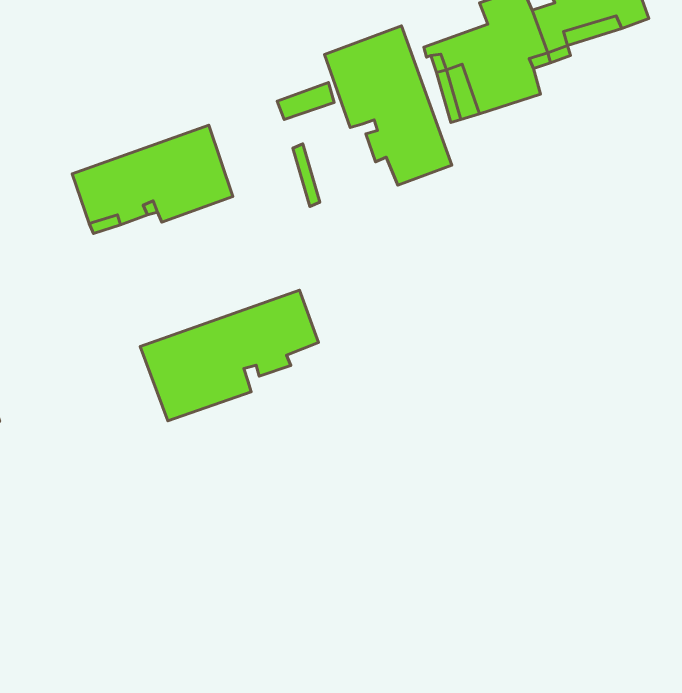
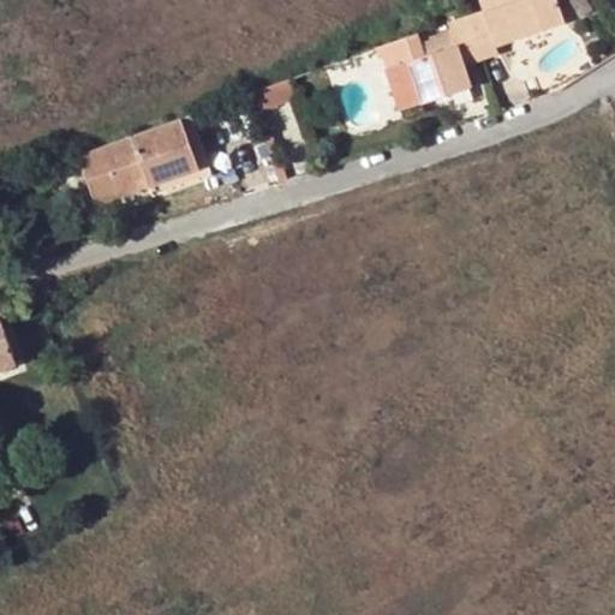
building: [324,26,452,185] -> none
building: [140,290,319,421] -> none

